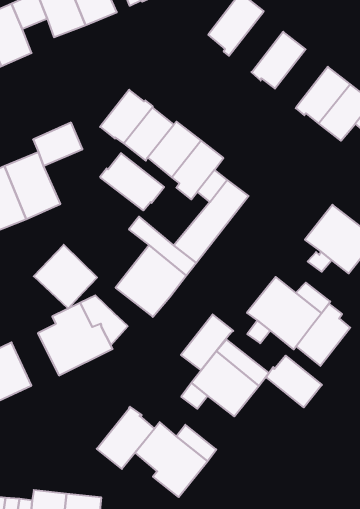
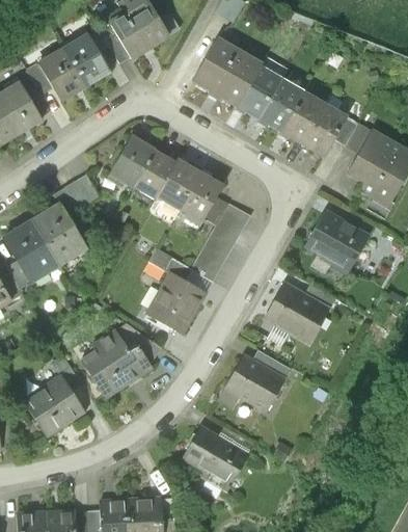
building: none -> [215,51,262,105]
building: none -> [259,79,303,130]
building: [100,153,164,210] -> none
building: [34,245,97,309] -> none
building: [296,304,350,366] -> none
building: [181,314,233,370] -> none
building: [266,356,322,407] -> none
building: [97,407,155,469] -> none

